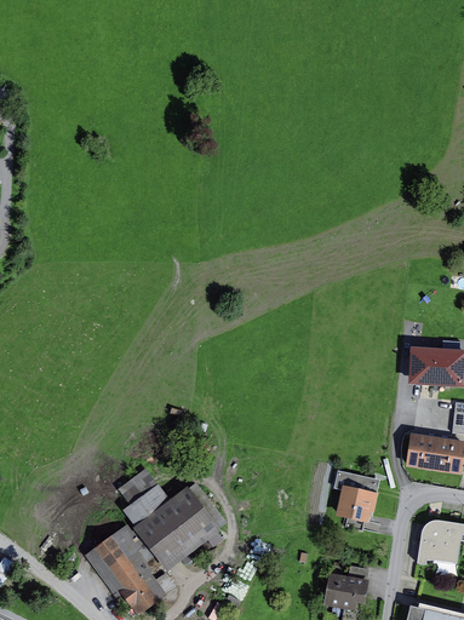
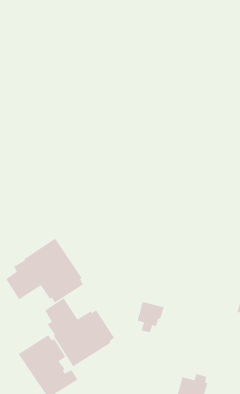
building: none -> [6,238,84,303]
building: [337,483,377,529] -> [137,302,165,333]

